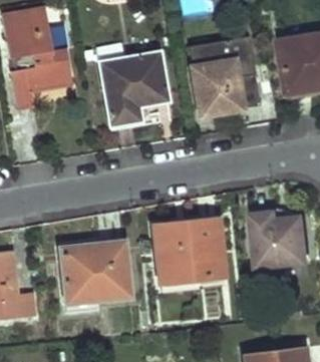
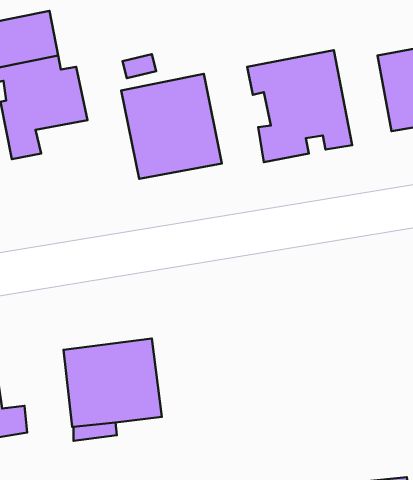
building: [245,212,301,266] -> none
building: [149,220,220,285] -> none

